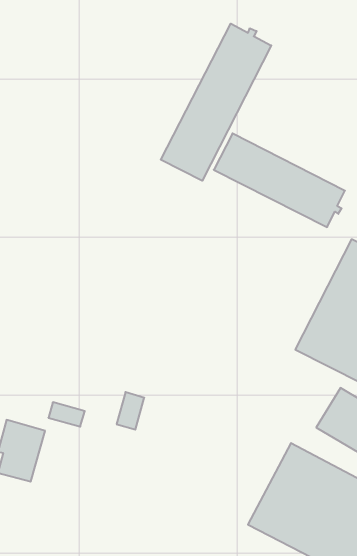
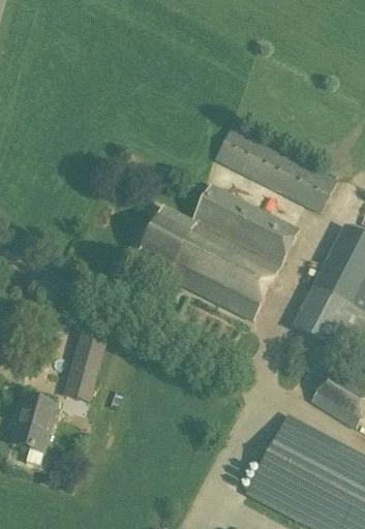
building: [161,24,271,181] -> none
building: none -> [135,184,300,321]
building: [117,392,144,430] -> [80,341,105,376]

